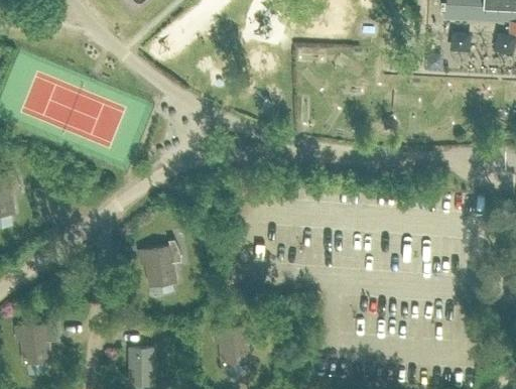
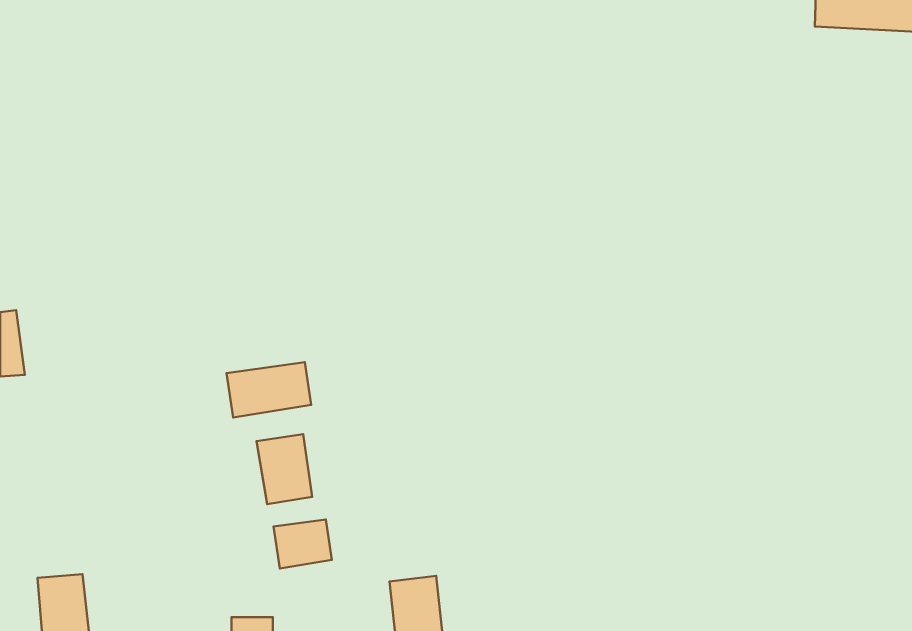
building: none -> [227,362,311,418]
building: none -> [273,520,332,569]

